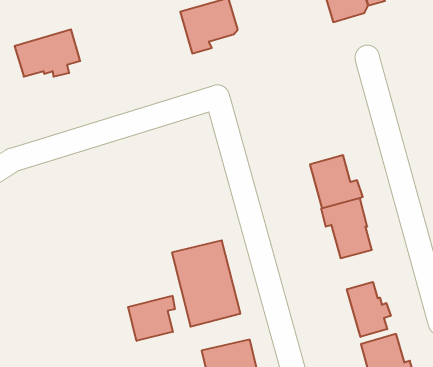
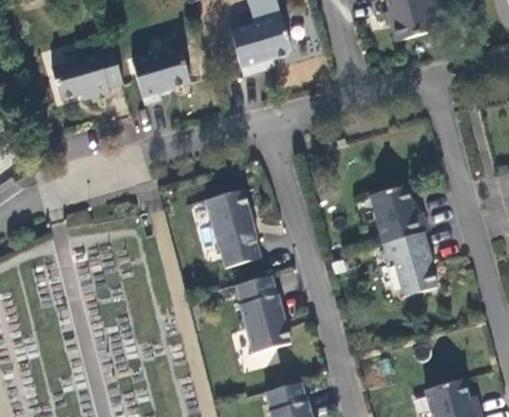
building: none -> [131,45,190,102]
building: none -> [191,193,263,276]
building: [347,282,391,337] -> none
building: [128,296,175,341] -> none

